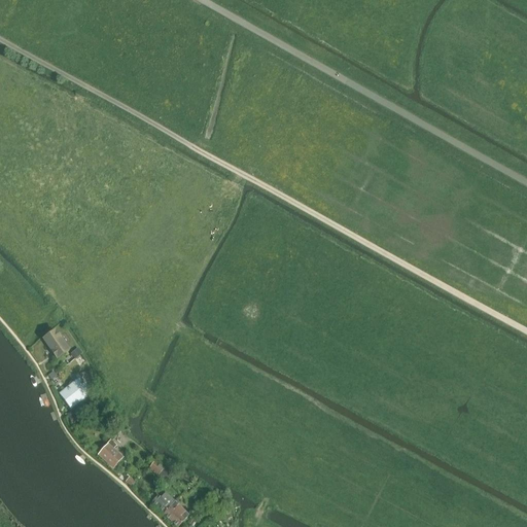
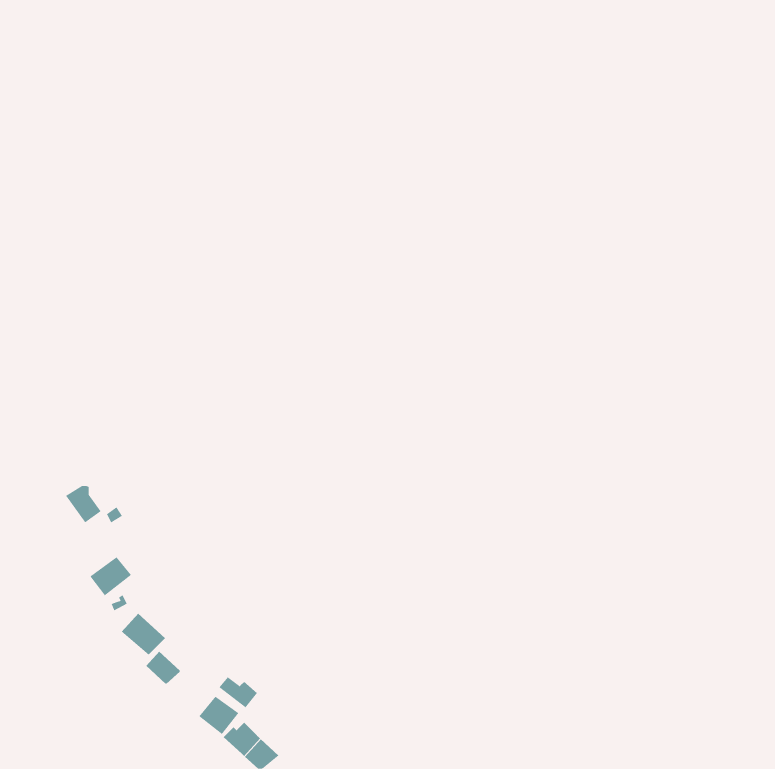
building: none -> [121,613,166,656]
building: none -> [198,696,239,735]

